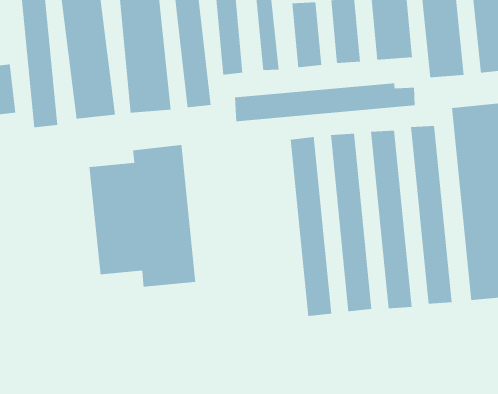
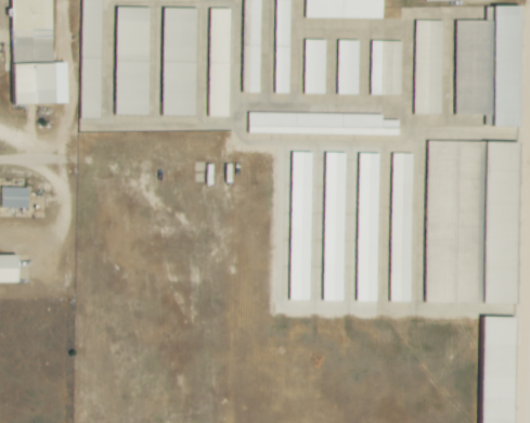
building: [89,144,196,287] -> none

